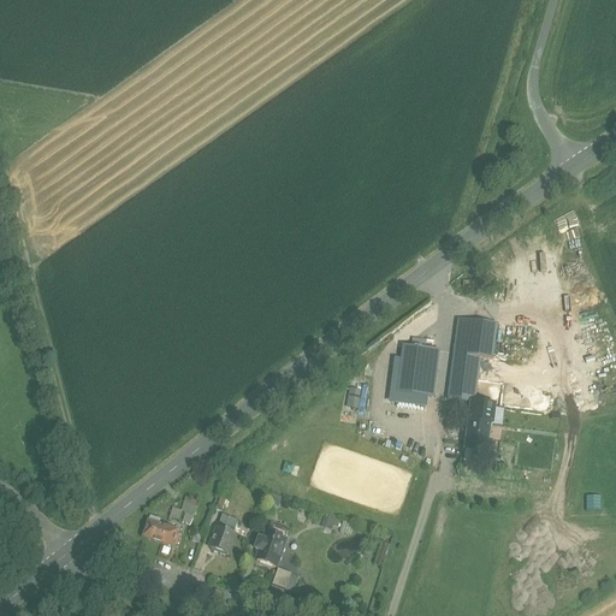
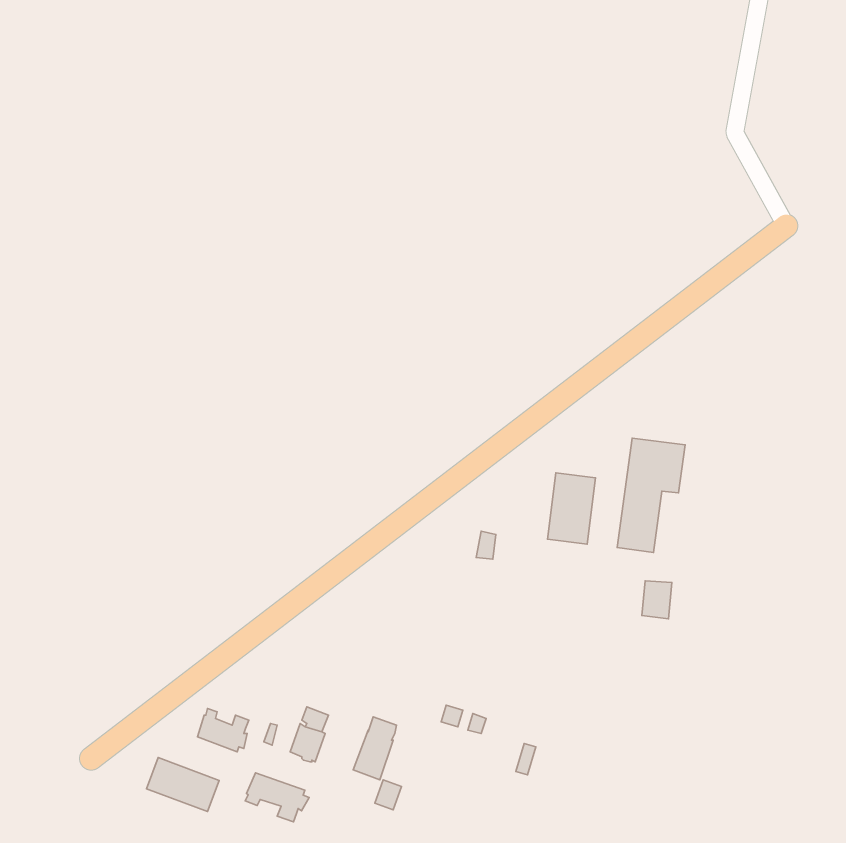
building: none -> [146,757,219,812]
building: none -> [245,773,309,822]

